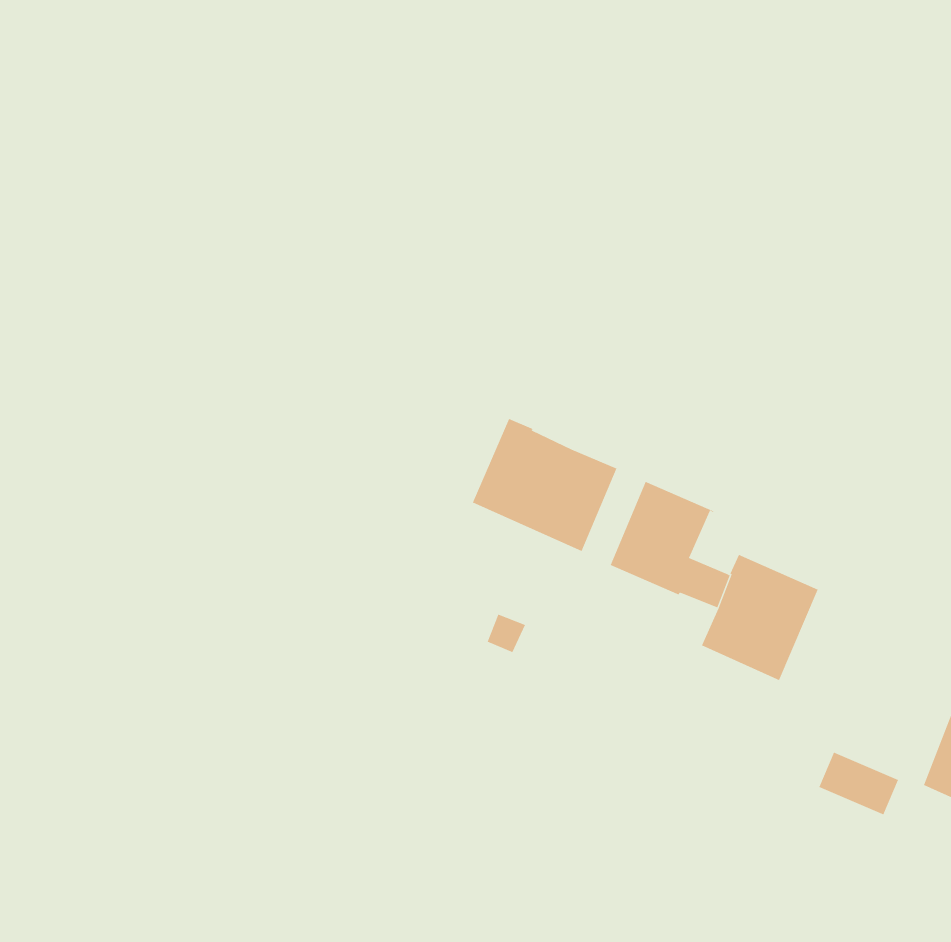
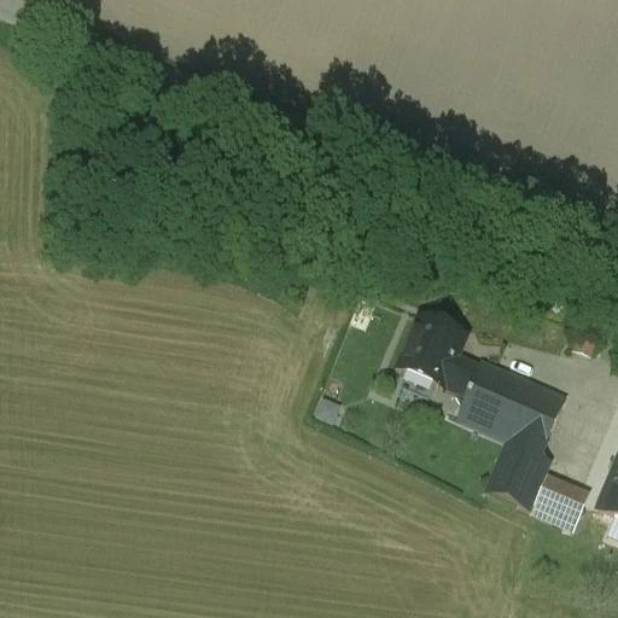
building: [472,418,617,552] -> none
building: none -> [485,381,565,508]

